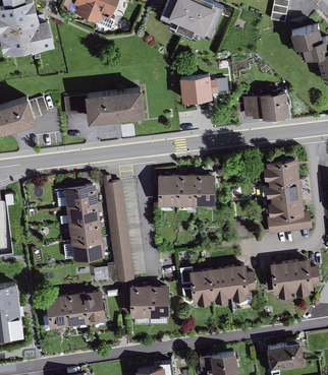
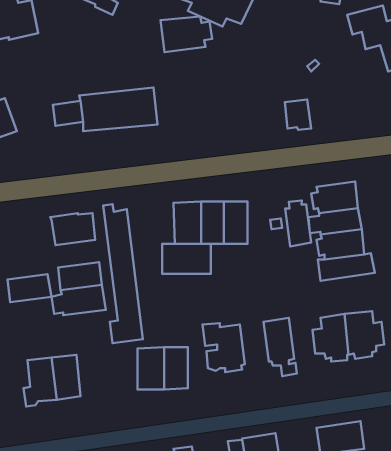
building: [178,74,218,102] -> [160,16,212,52]
building: [259,86,289,118] -> none
building: none -> [285,201,311,246]
building: [66,203,100,225] -> [8,274,51,302]
building: none -> [162,244,211,274]
building: [208,266,230,302] -> none
building: [83,290,106,323] -> none

